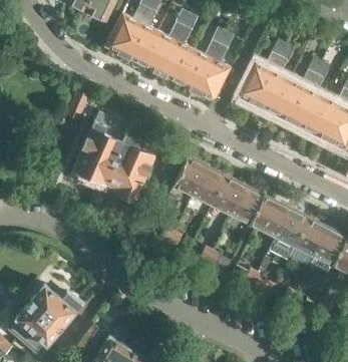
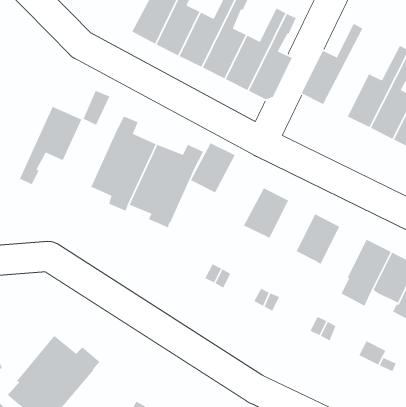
building: [256,44,295,113] -> none
building: none -> [19,106,82,185]
building: [172,158,209,199] -> [190,142,236,193]
building: [214,178,249,219] -> none
building: [254,199,289,239] -> none

